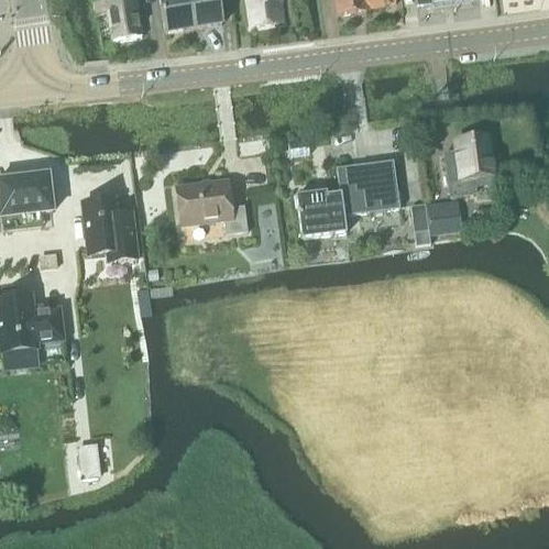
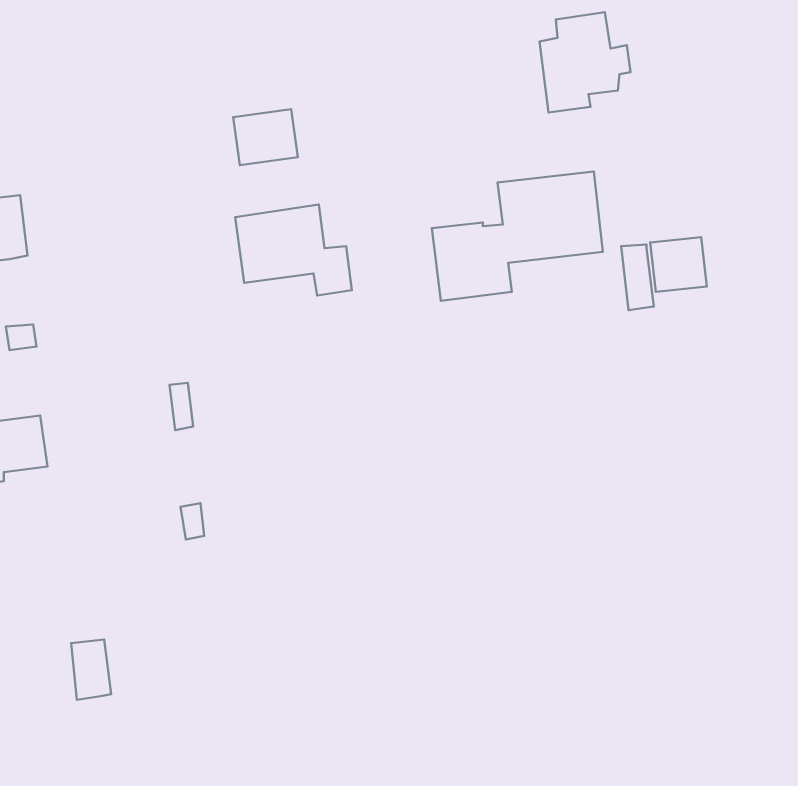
building: none -> [233,109,298,165]
building: [447,134,502,195] -> [539,12,630,112]
building: [84,197,139,260] -> none

